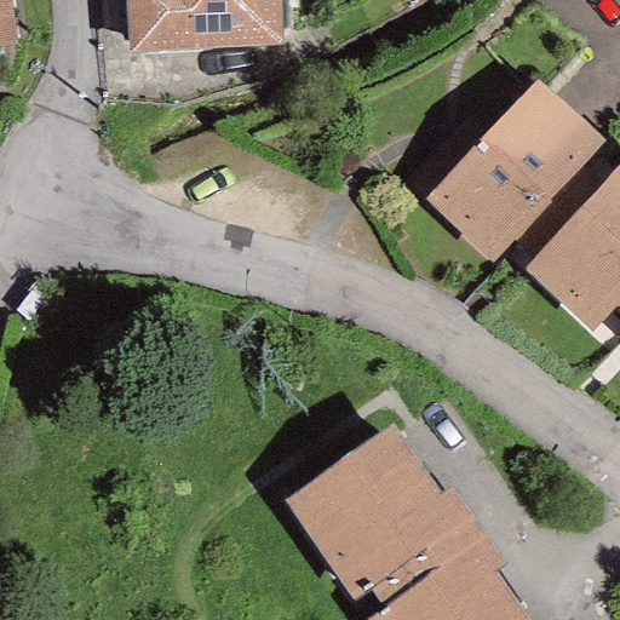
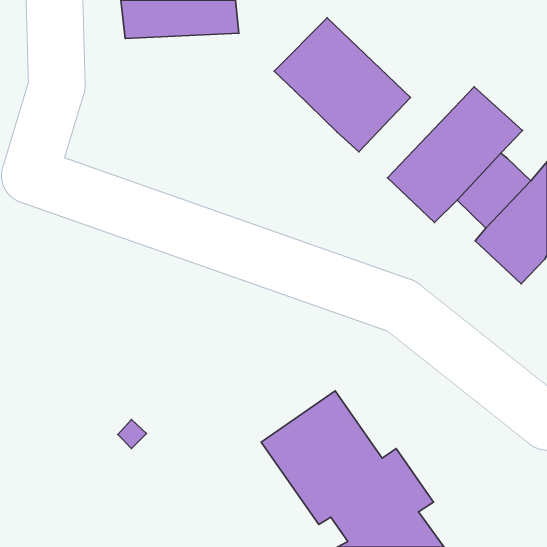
building: none -> [274,18,410,152]

